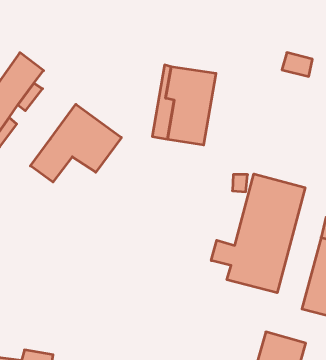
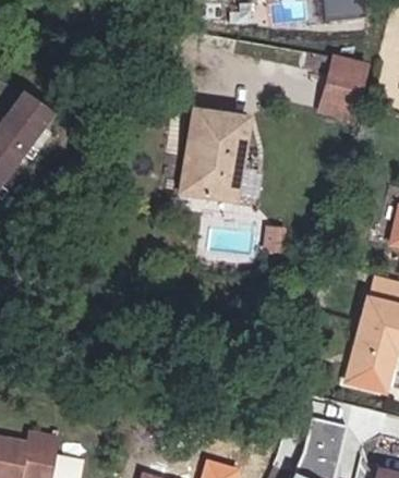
building: none -> [328,53,367,98]
building: [30,104,121,182] -> none
building: [211,174,305,293] -> none

